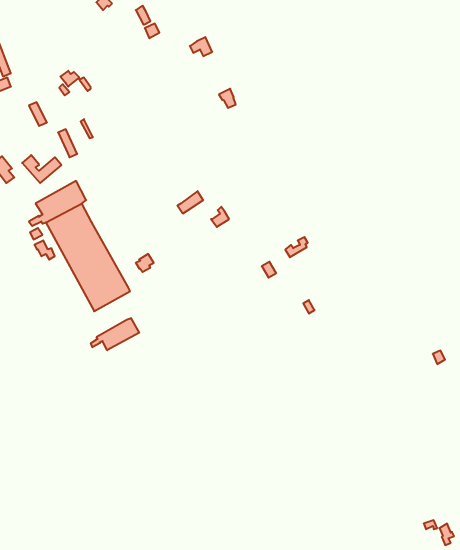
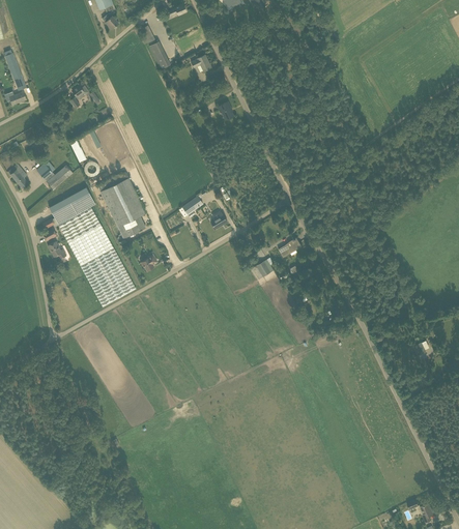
building: none -> [96,170,145,237]
building: [91,318,139,350] -> none

